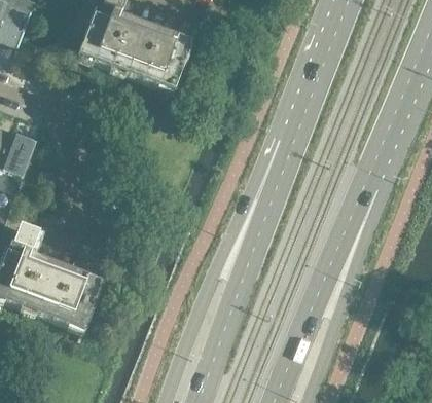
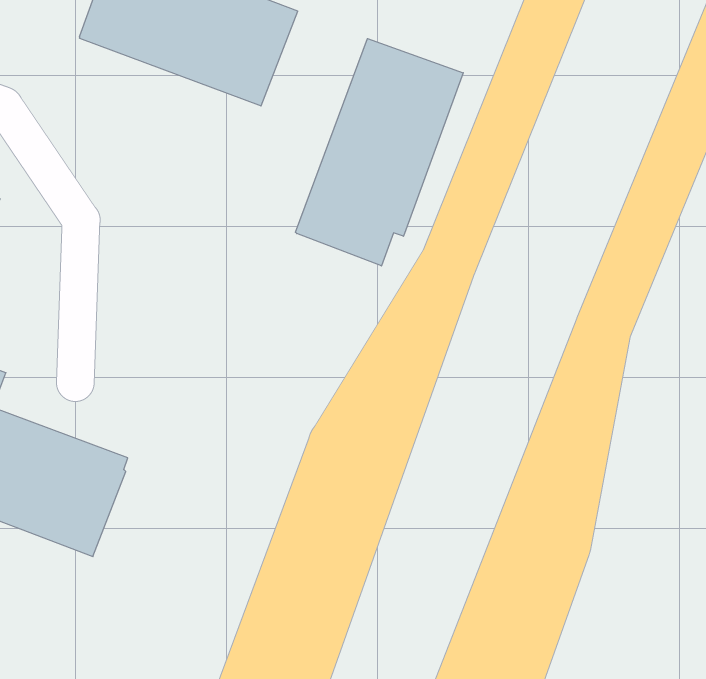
building: none -> [295,39,463,266]

